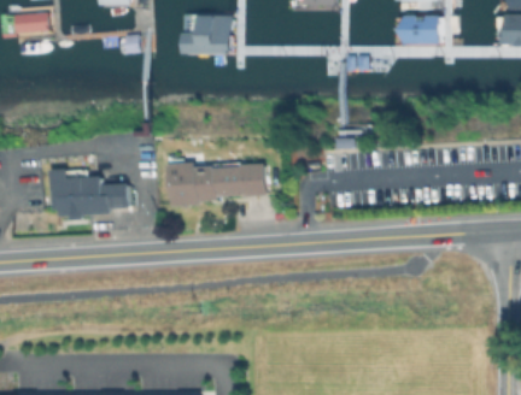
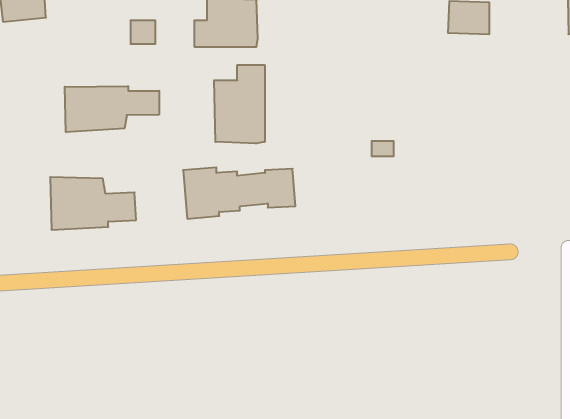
building: none -> [214,65,265,144]
building: none -> [65,86,159,132]

